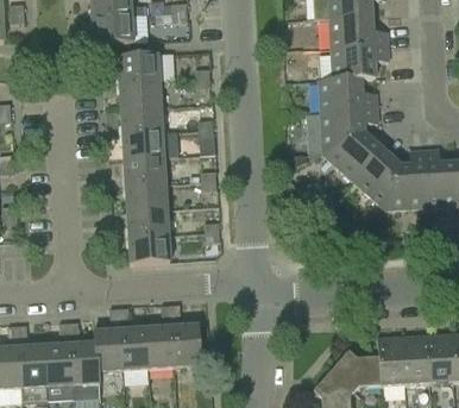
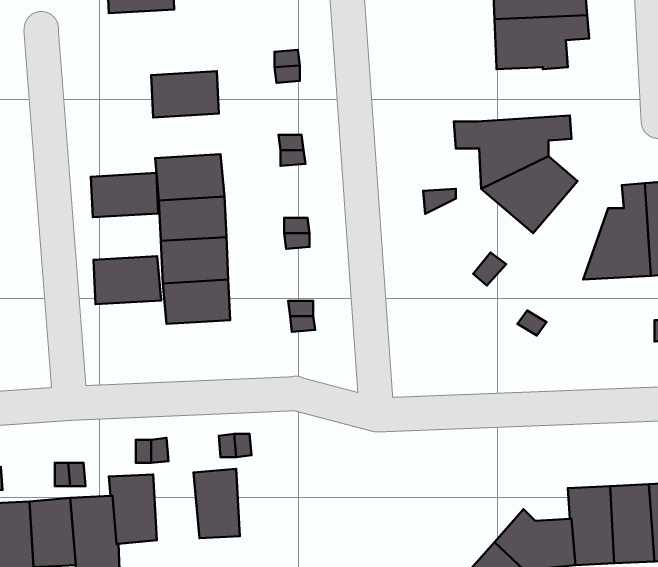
building: [118,52,161,82] -> none
building: [320,77,378,111] -> none
building: [121,106,163,133] -> [91,173,158,217]
building: [356,147,402,208] -> none
building: [130,233,171,263] -> [94,256,161,304]
building: [172,324,202,366] -> none
building: [121,327,150,369] -> none

